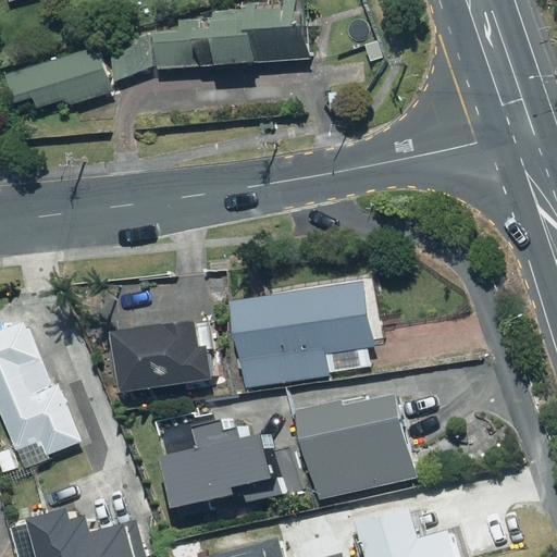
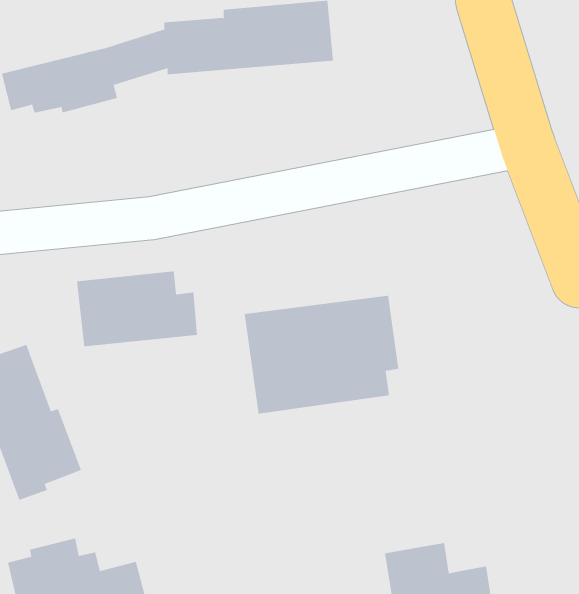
building: [104,321,218,392] -> [76,271,198,347]
building: [296,387,416,497] -> none
building: [157,417,286,532] -> none

